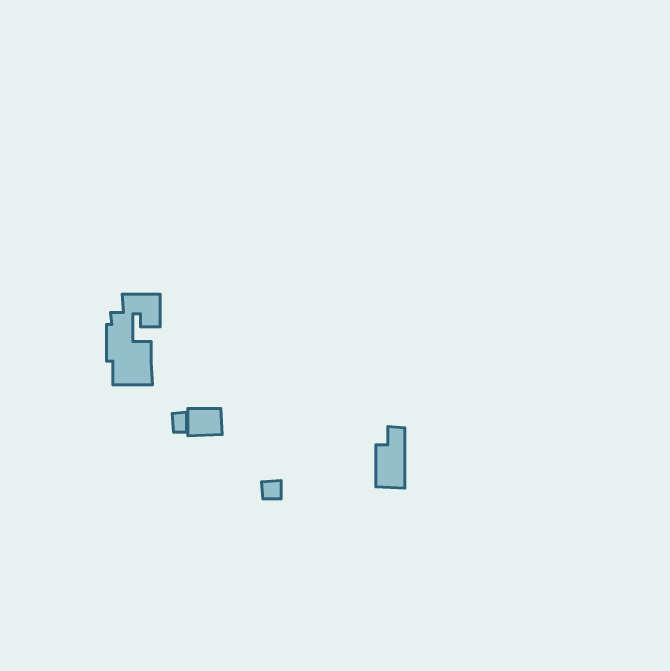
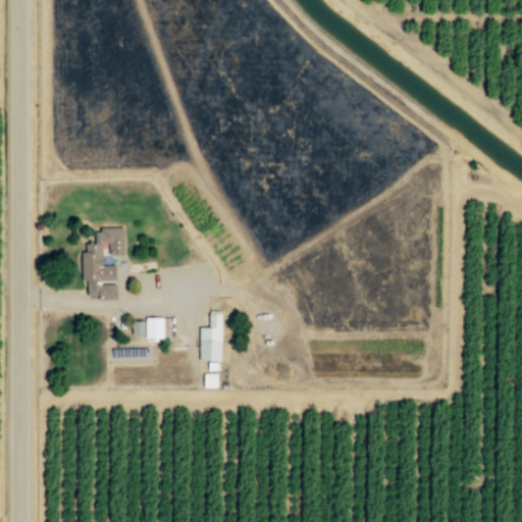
building: [376,427,405,488] -> [201,313,223,361]

